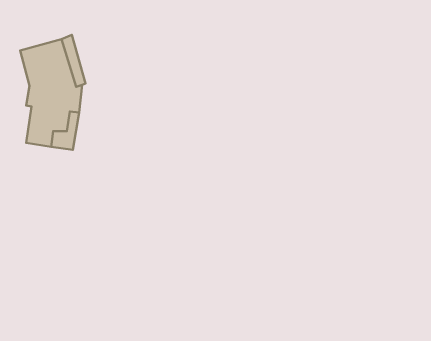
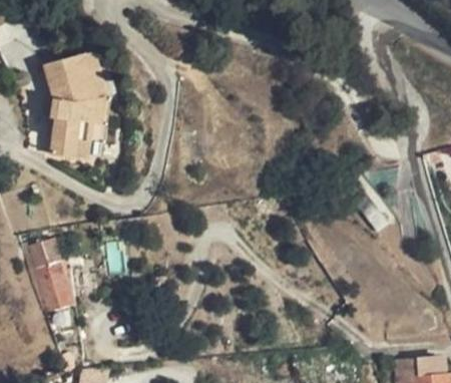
building: none -> [31,239,73,313]

